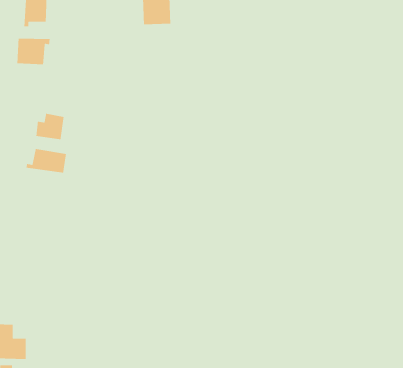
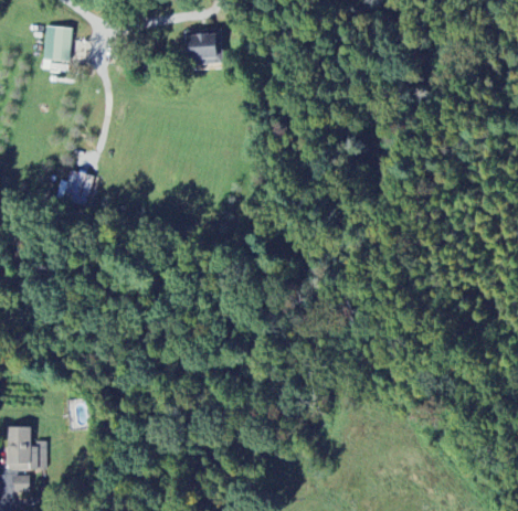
building: [17,38,50,65] -> none
building: [26,148,67,174] -> none

